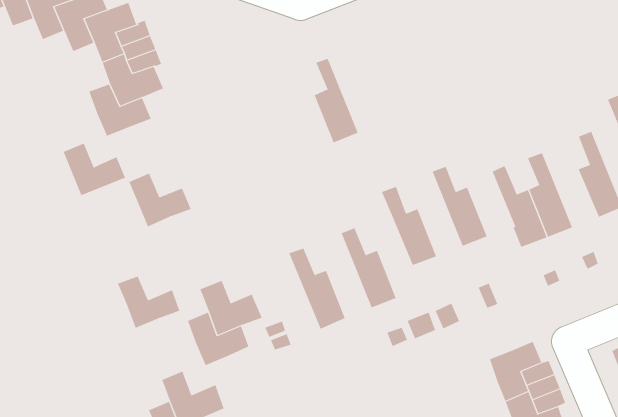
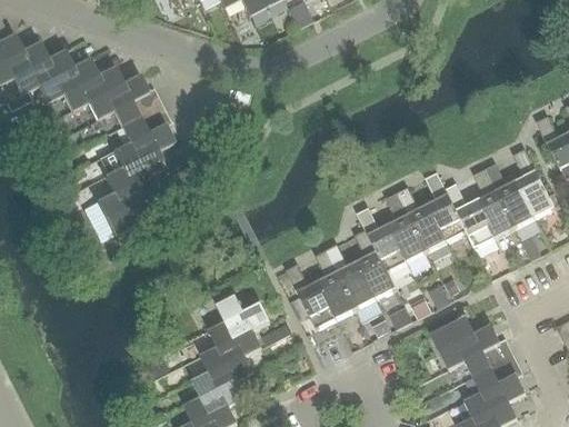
building: [314,58,358,143] -> [387,192,427,261]
building: none -> [486,163,536,228]
building: none -> [426,171,468,241]
building: [128,173,191,227] -> [102,168,156,212]
building: none -> [356,229,397,298]
building: none -> [316,249,357,318]
building: [117,276,180,329] -> [199,348,252,391]
building: none -> [431,315,475,367]

